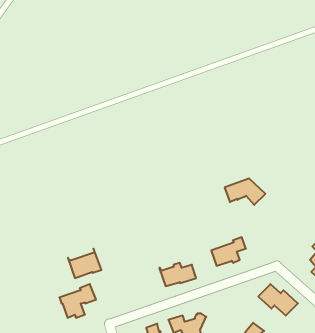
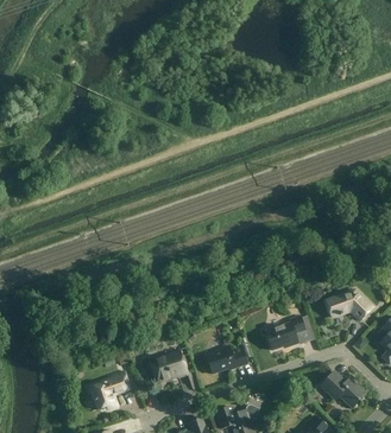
building: [225,178,265,205] -> [324,289,372,320]
building: [68,249,101,278] -> [147,346,187,381]

